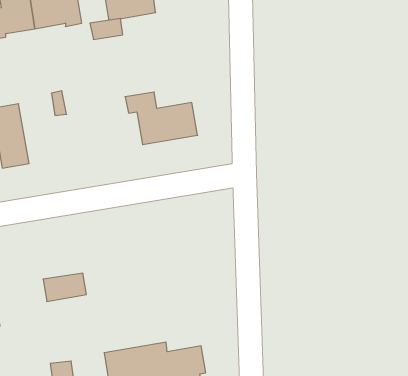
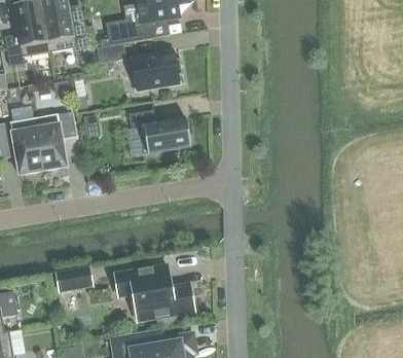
building: none -> [131,49,181,90]
building: none -> [33,113,66,170]
building: none -> [114,264,193,320]

